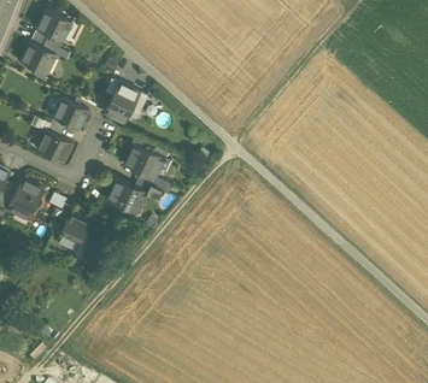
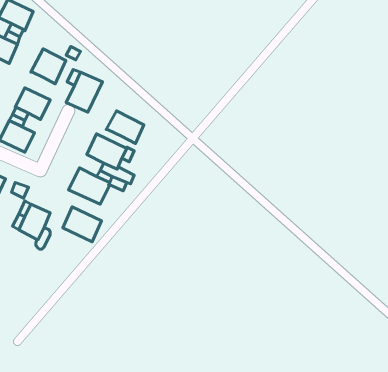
building: none -> [31,49,66,84]
building: none -> [106,111,144,144]
building: none -> [63,207,102,242]

